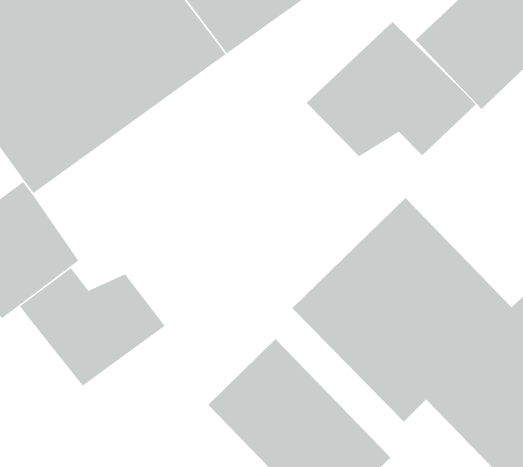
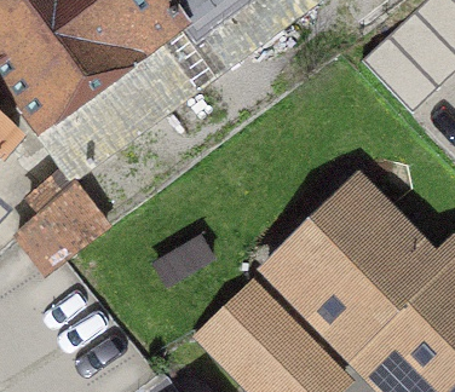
building: [306,21,476,157] -> none
building: [19,267,165,387] -> none

